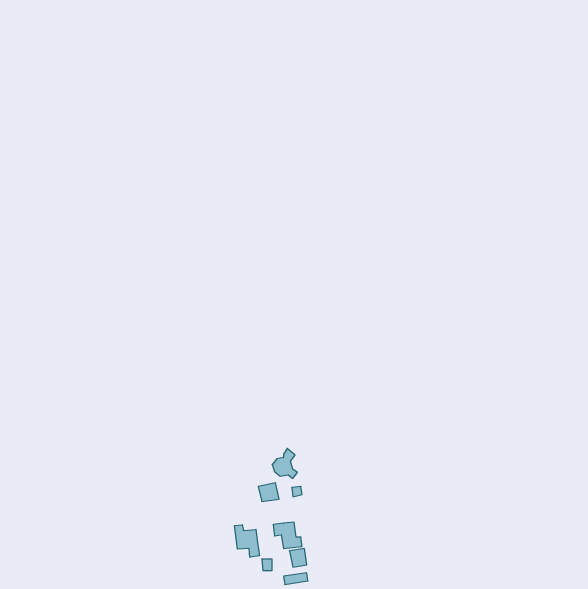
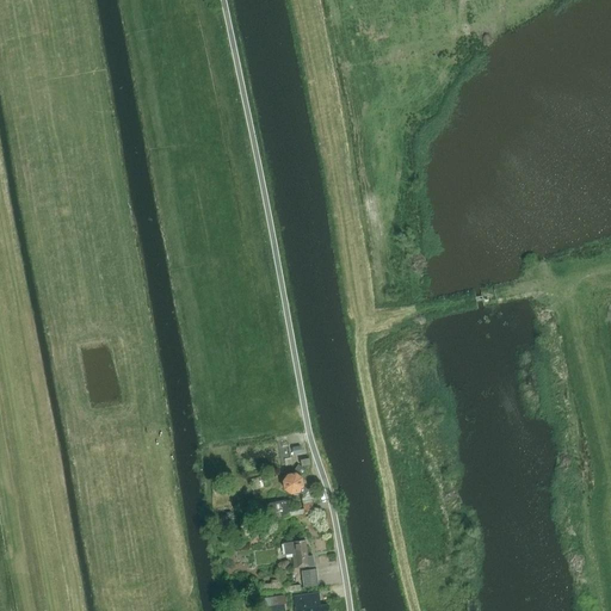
building: [235,525,259,557] -> none

